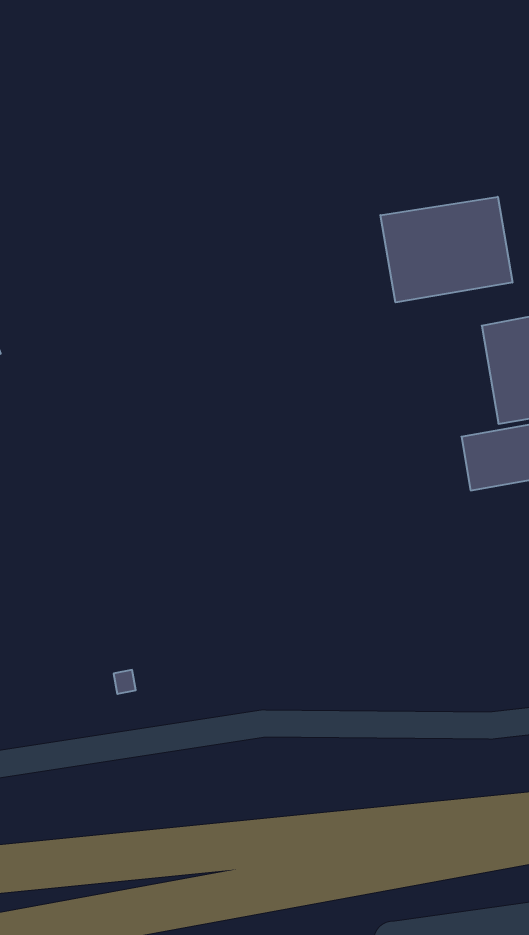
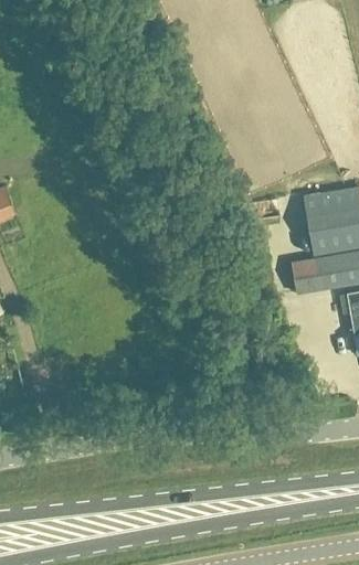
building: [380,197,512,302] -> none

